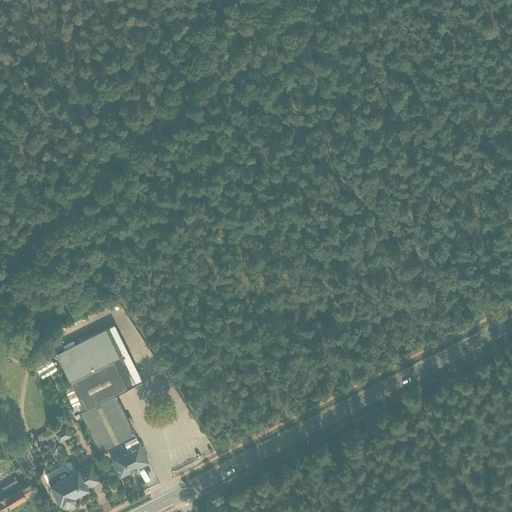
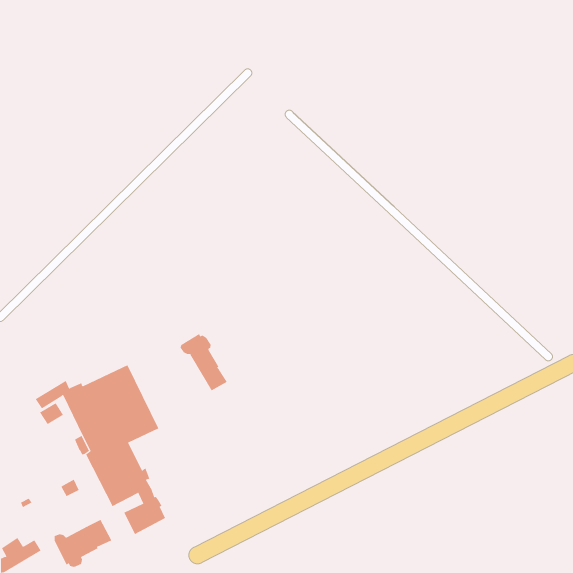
building: none -> [180,333,227,391]

